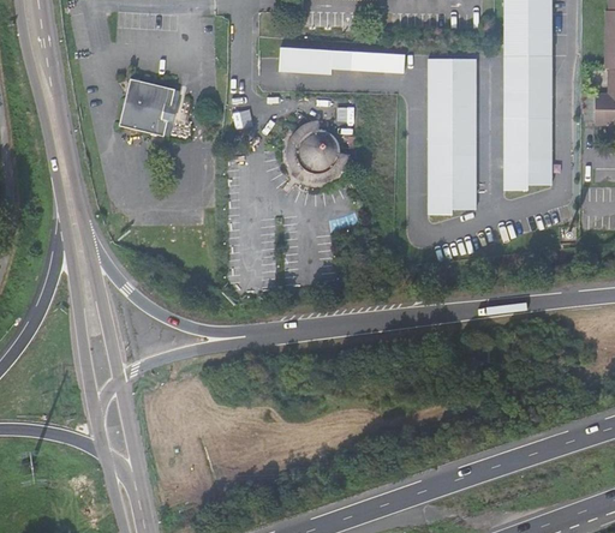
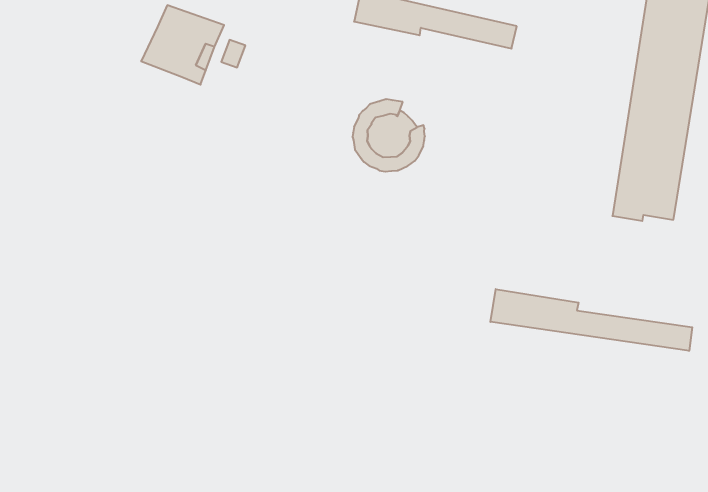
building: [429,56,477,212] -> none
building: none -> [490,289,692,351]

